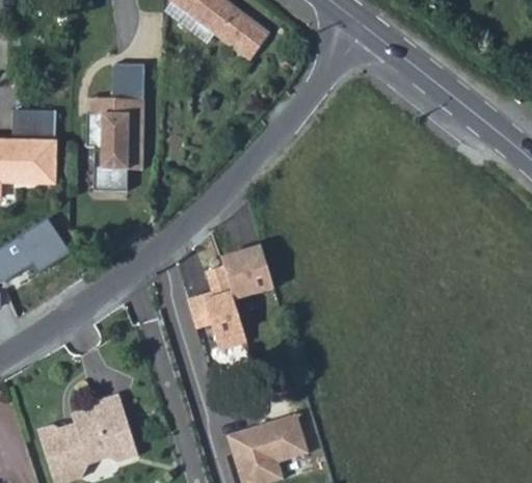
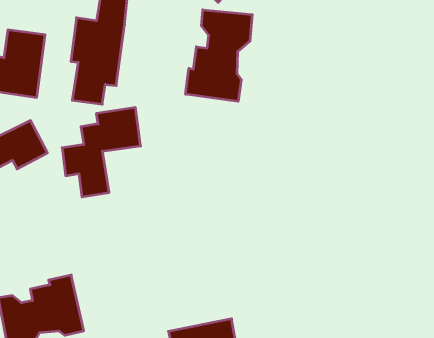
building: none -> [186,10,252,101]
building: [191,244,280,351] -> [62,108,141,197]

